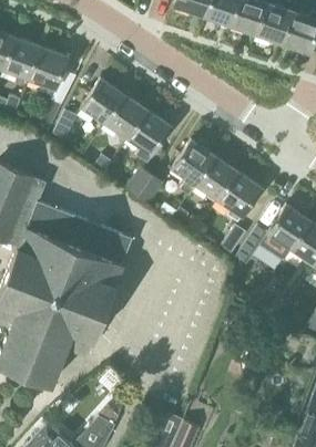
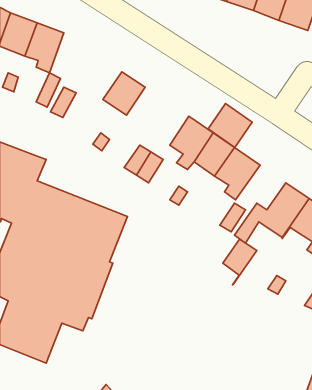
building: [82,79,124,123] -> none
building: [129,111,171,160] -> none
building: none -> [208,104,252,148]
building: none -> [223,239,257,285]

